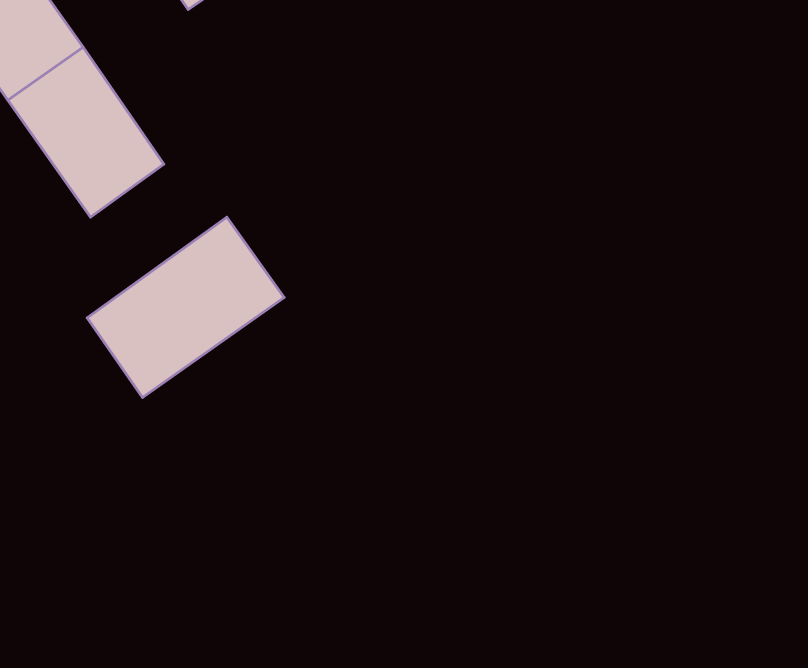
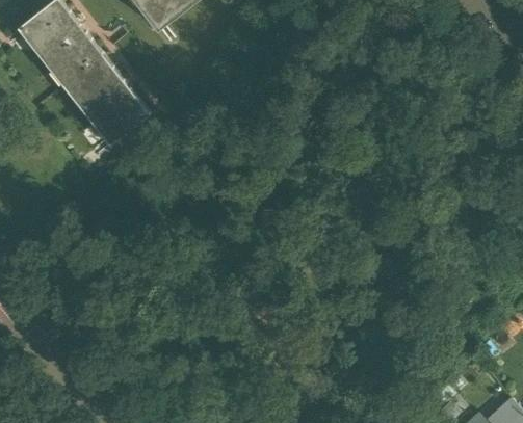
building: [87,217,284,398] -> none

